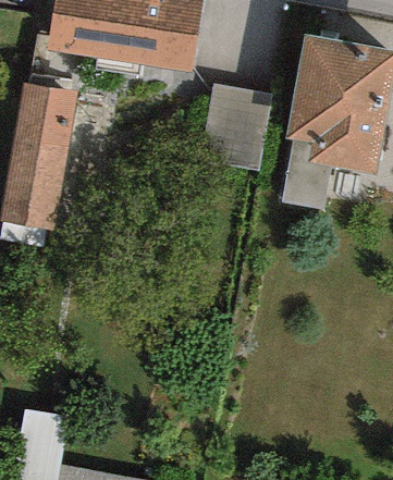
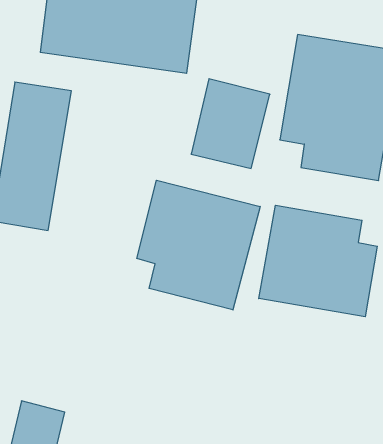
building: none -> [137,180,260,310]
building: none -> [259,205,377,317]

